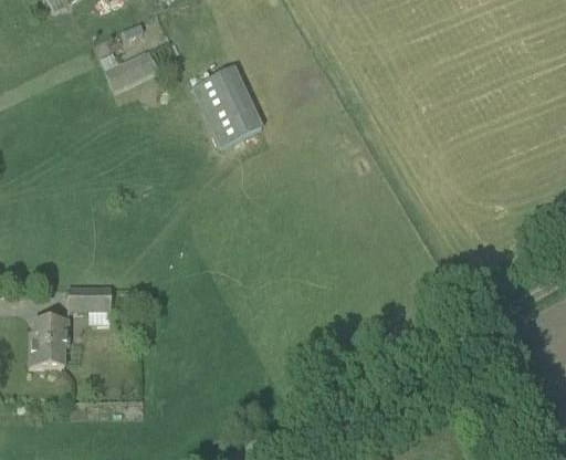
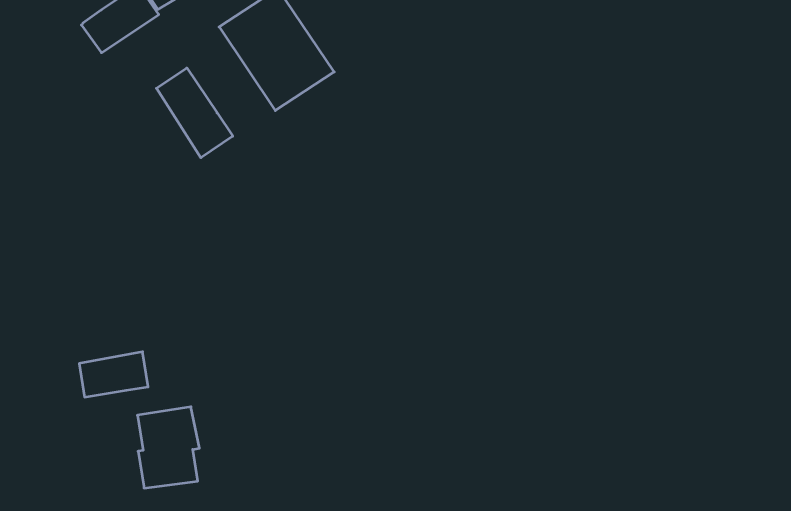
building: none -> [156,68,233,158]
building: [30,318,70,367] -> [137,407,199,488]

